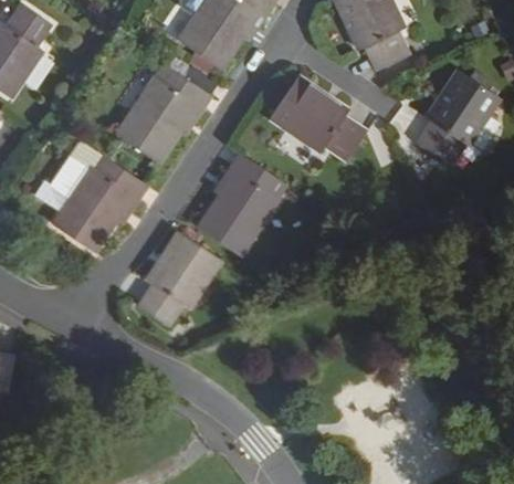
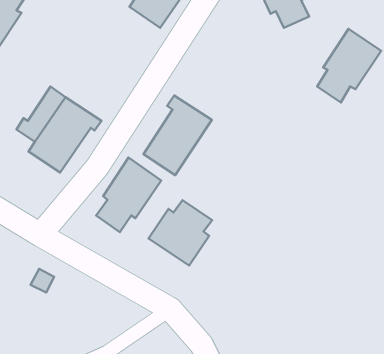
building: [118,66,210,164] -> none
building: [271,77,366,161] -> none
building: none -> [148,200,212,265]

